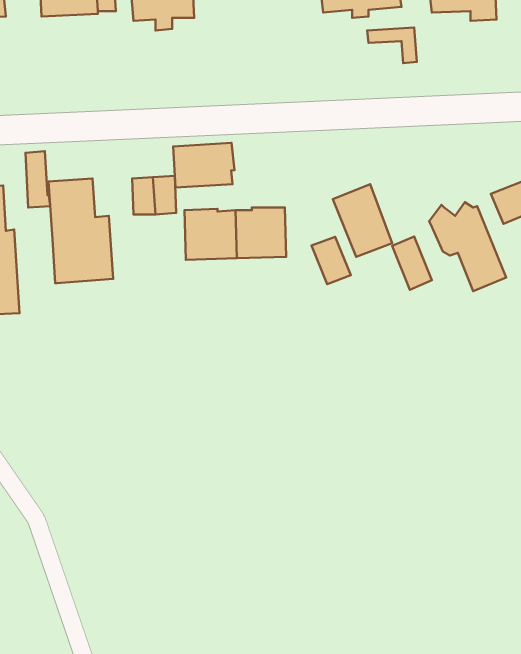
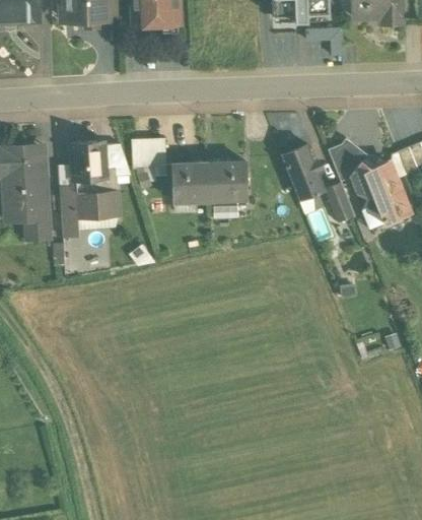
building: [173,143,234,188] -> none
building: [25,151,50,208] -> [61,185,79,226]
building: none -> [330,138,368,181]
building: [312,237,351,284] -> none

